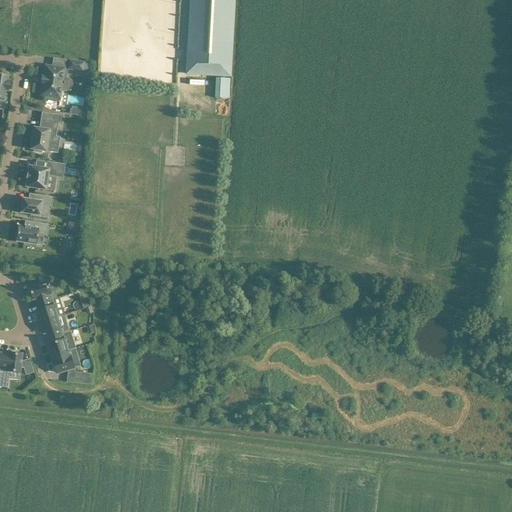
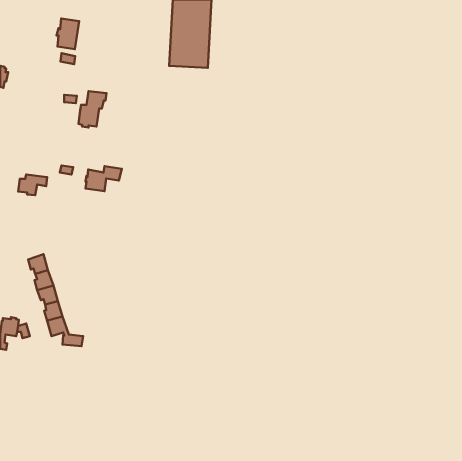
building: [39,64,64,98] -> [57,18,79,49]
building: [30,112,61,152] -> [78,91,106,127]
building: [25,161,65,189] -> [86,166,122,191]
building: [14,220,48,244] -> none

